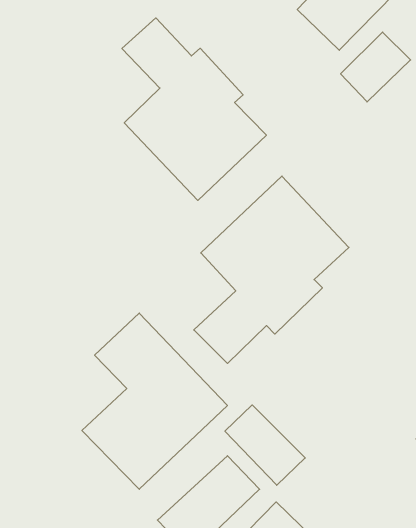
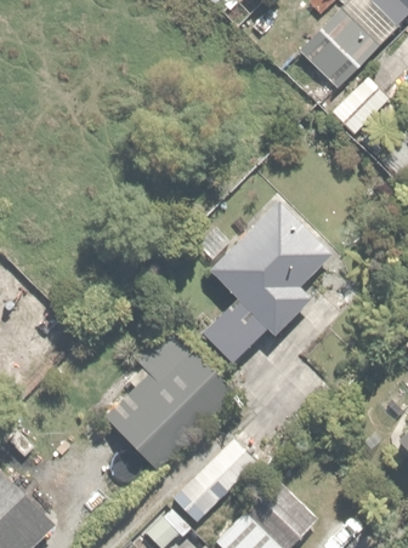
building: [122,18,266,200] -> none
building: [225,405,305,485] -> none

